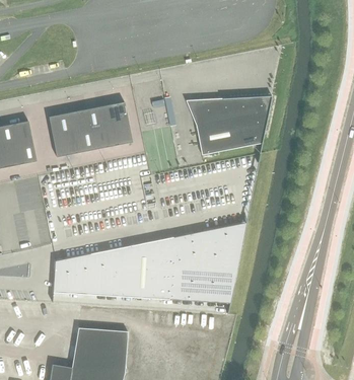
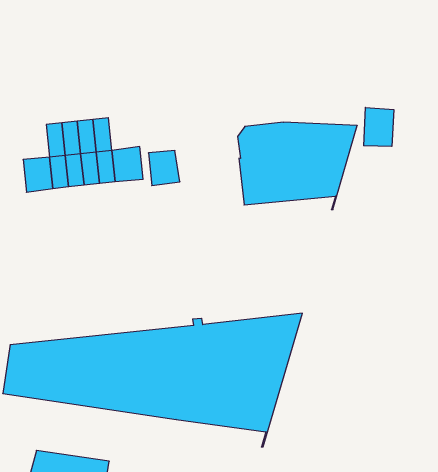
building: none -> [364,107,394,146]
building: [107,102,129,127] -> [148,151,180,186]
building: [48,113,70,138] -> none

